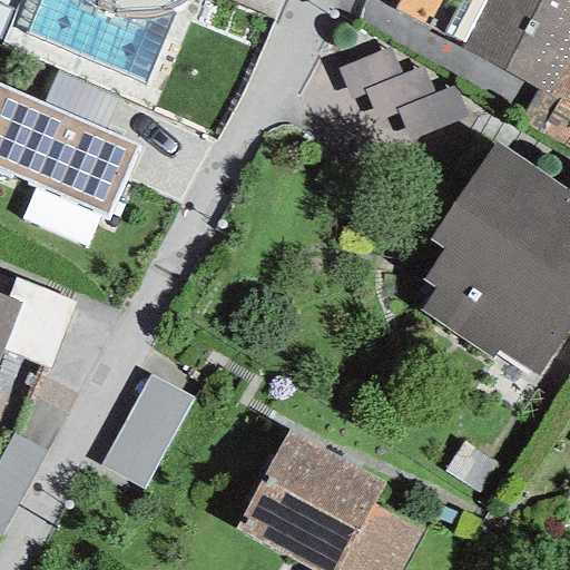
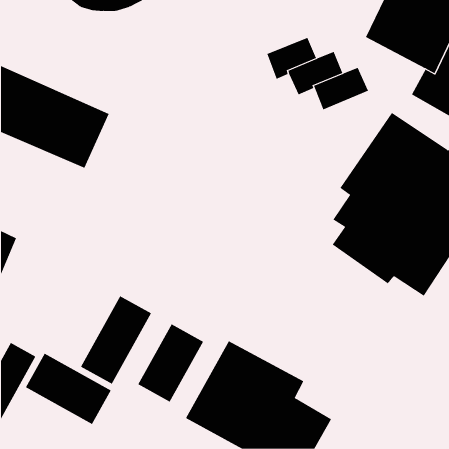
building: none -> [137,323,204,403]
building: none -> [25,353,112,425]

